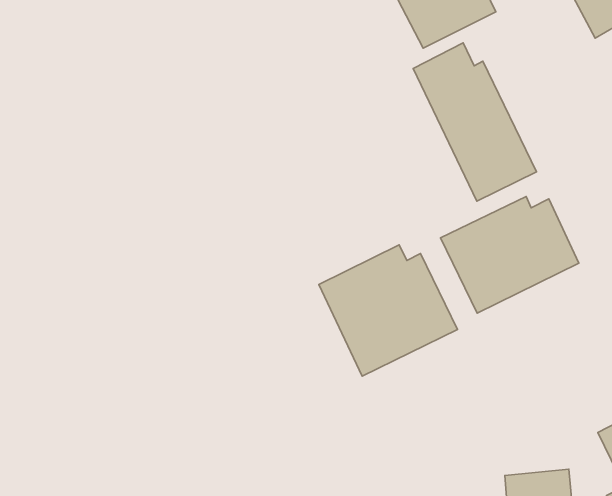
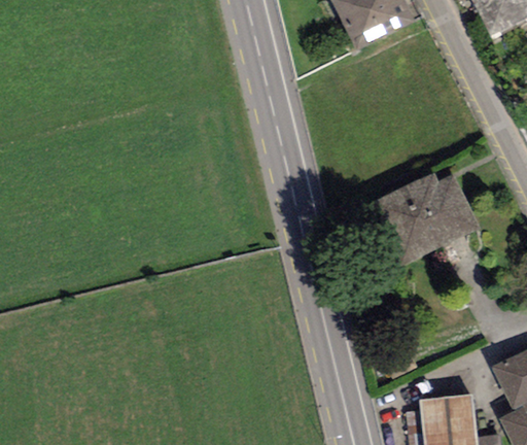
building: [413,43,537,201] -> none
building: [319,245,458,376] -> none

